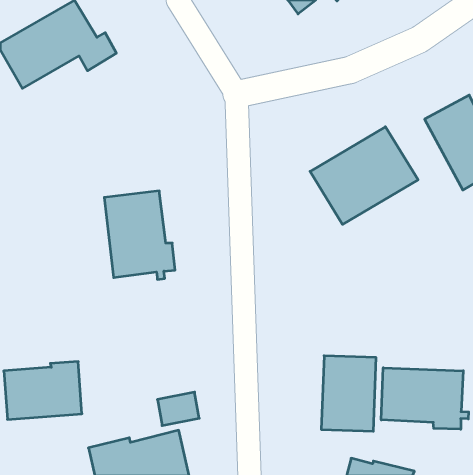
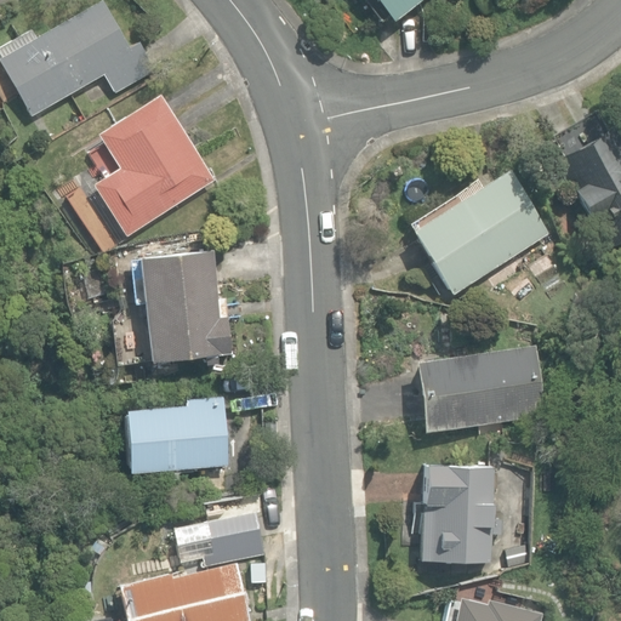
building: none -> [96,95,215,237]
building: none -> [416,346,546,432]
building: [4,362,82,419] -> [125,397,227,472]
building: [381,368,469,429] -> none

